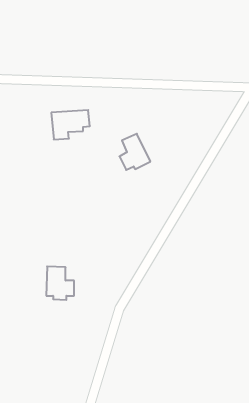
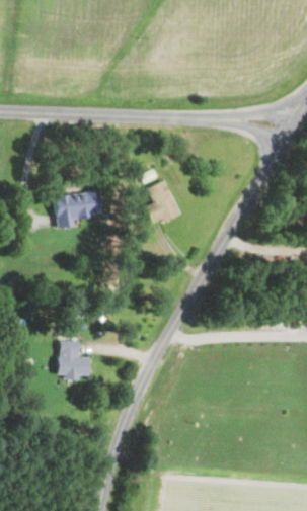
building: [51,110,90,139] -> [53,192,99,228]

